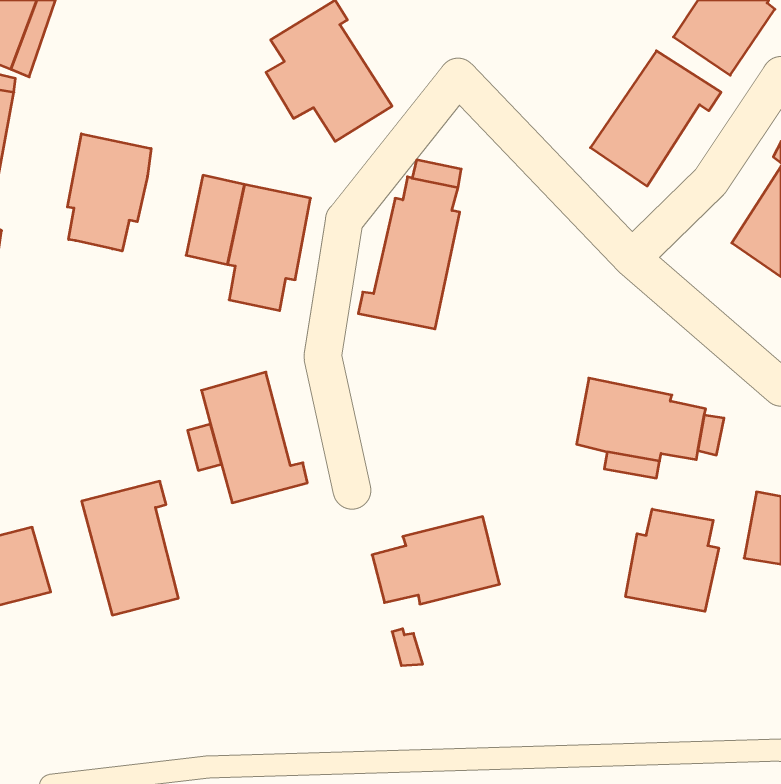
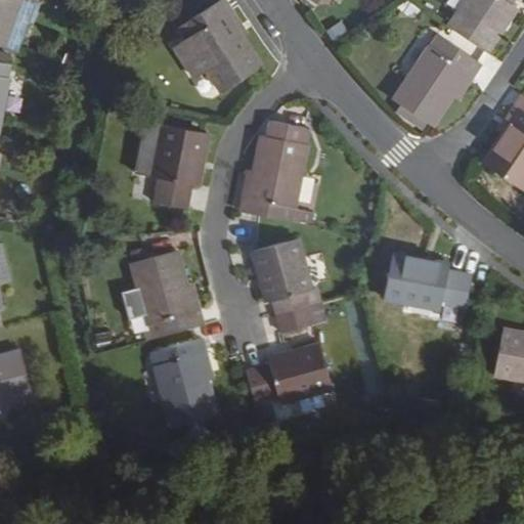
building: [67,134,151,251] -> none
building: none -> [254,237,331,331]
building: [82,481,178,615] -> [149,338,214,427]
building: [626,509,719,611] -> none

